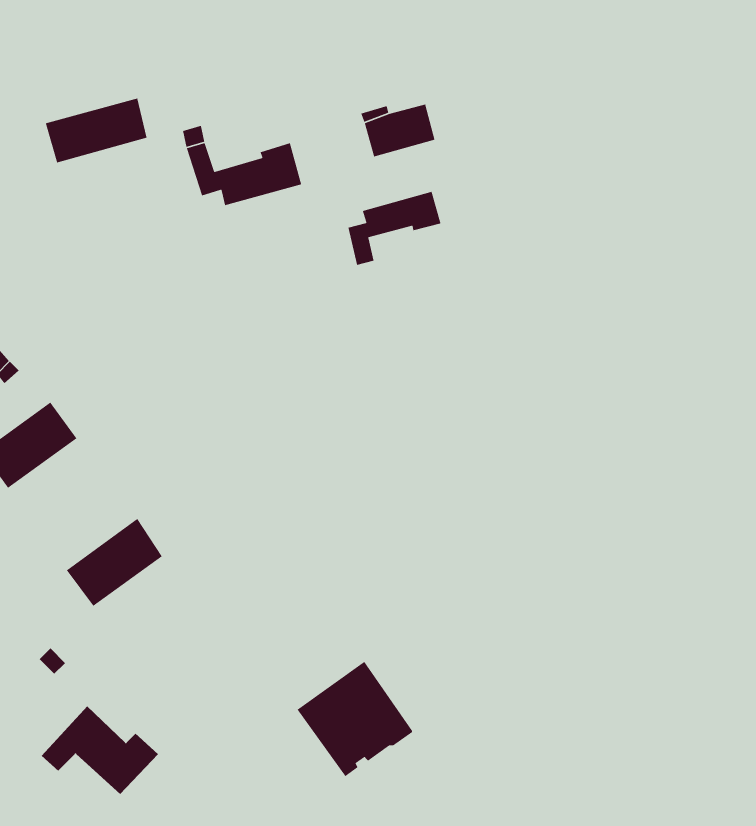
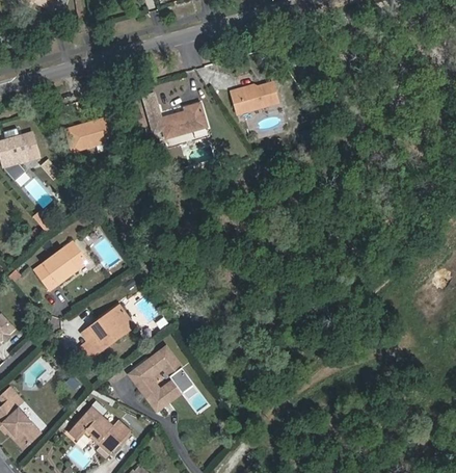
building: [45,98,147,163] -> [64,115,119,151]
building: [348,191,442,266] -> none
building: [297,661,413,777] -> [130,348,192,411]

